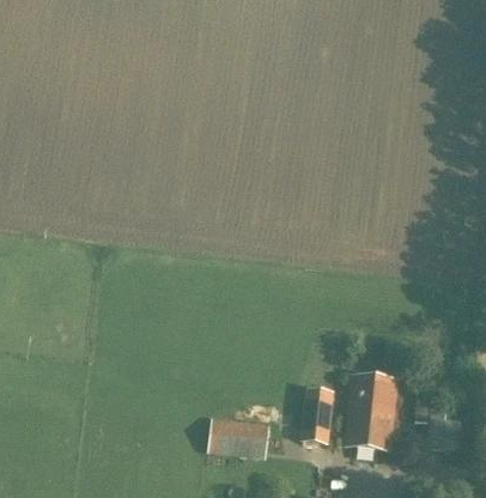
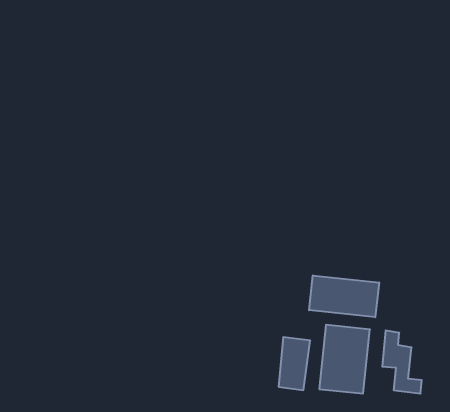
building: none -> [309,275,379,317]
building: [208,418,271,458] -> none

